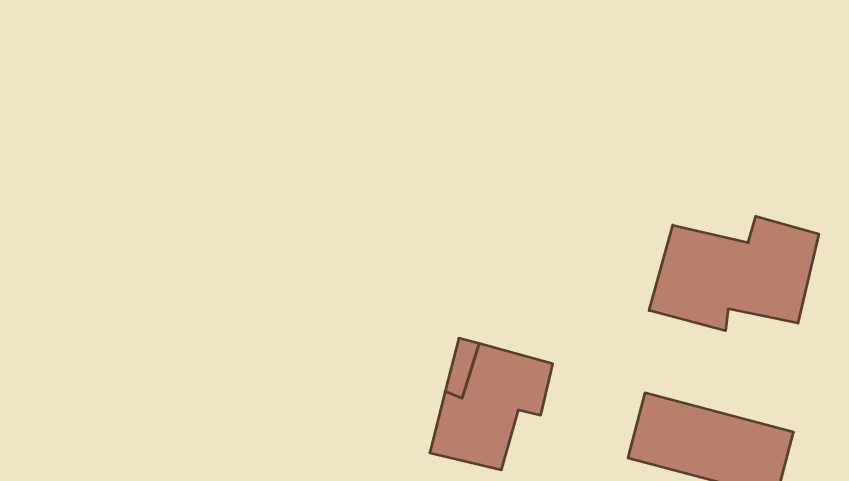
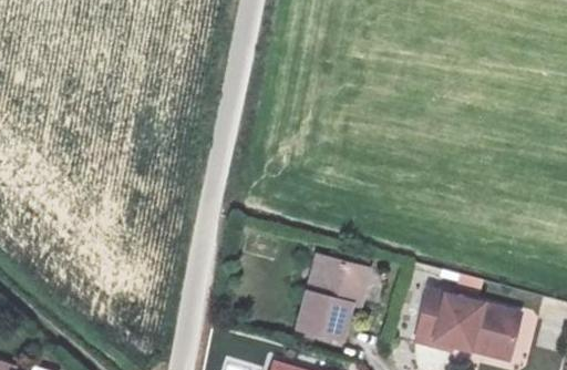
building: [649,216,819,331] -> none

